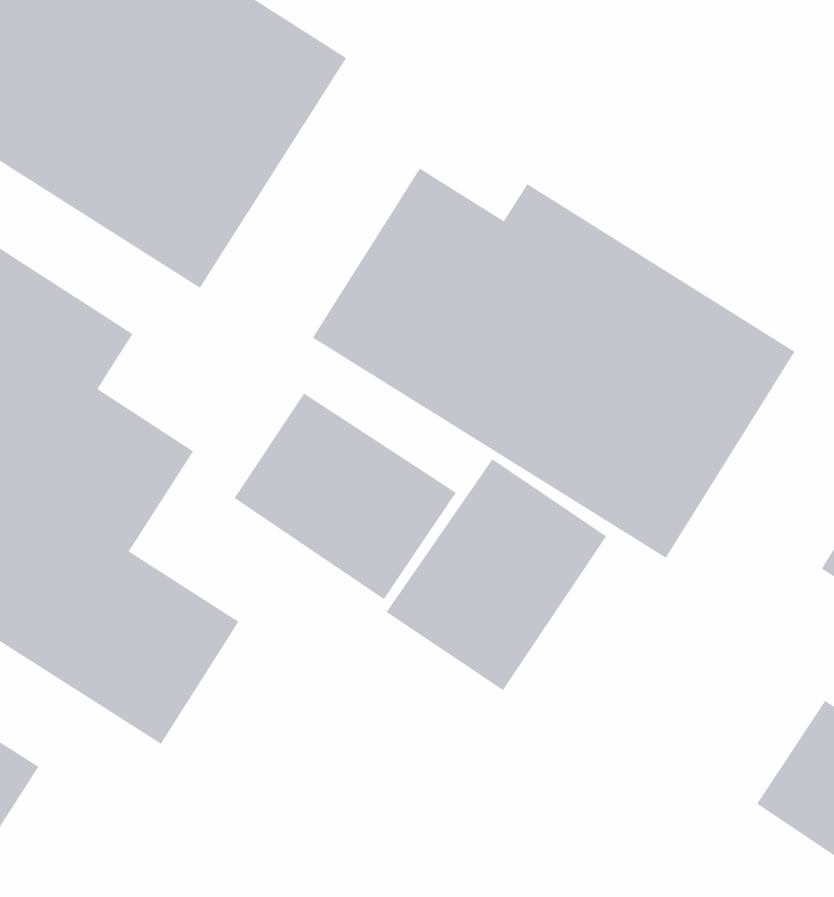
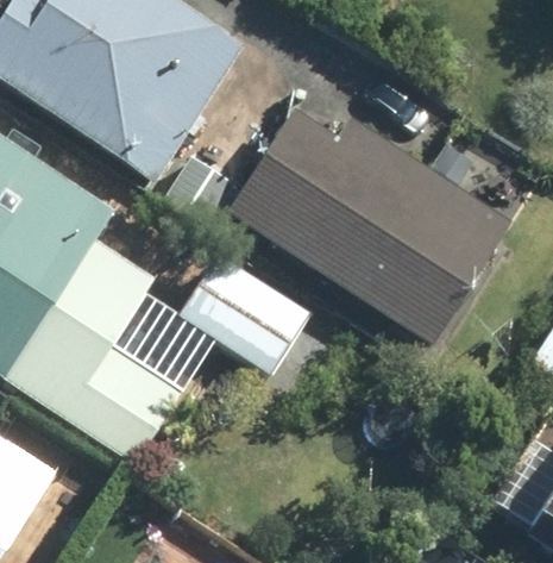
building: [386,458,607,691] -> none

